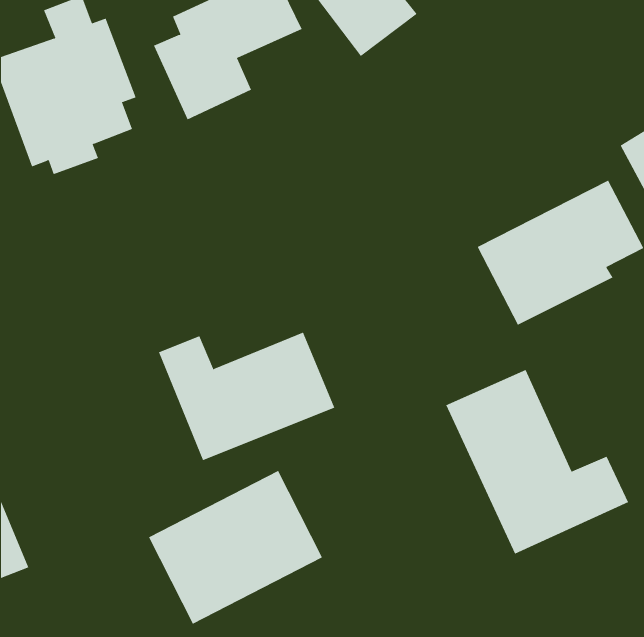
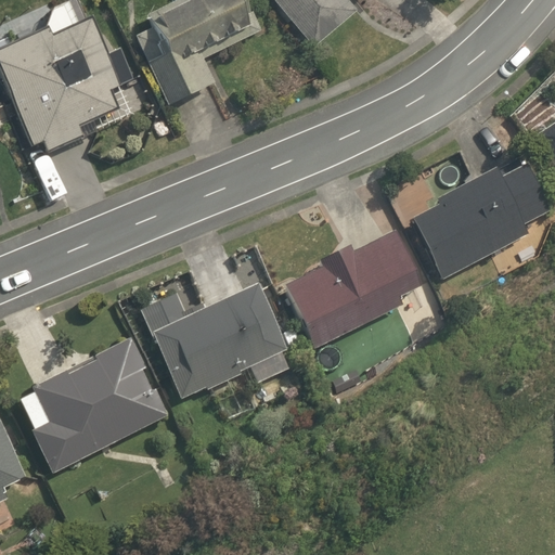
building: none -> [281,228,430,351]
building: [445,369,629,554] -> none
building: [148,470,323,625] -> [20,337,169,469]

